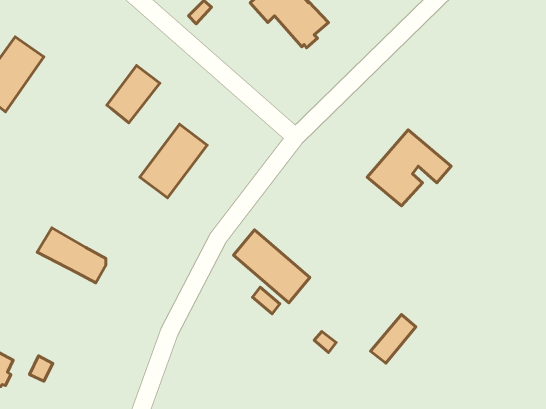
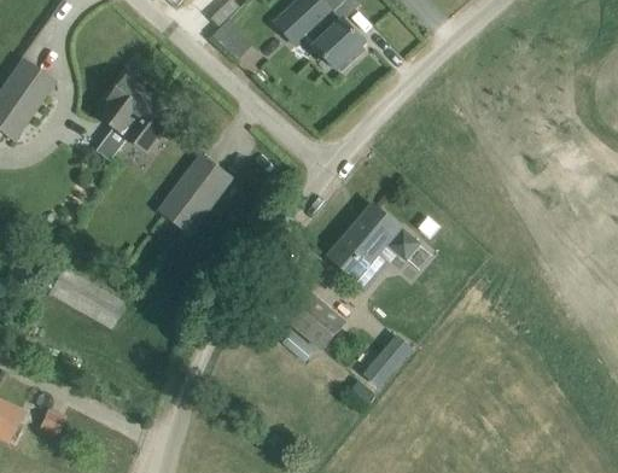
building: none -> [95,71,154,160]
building: [367,130,451,206] -> [328,204,420,287]
building: [370,315,416,363] -> [362,334,412,387]

